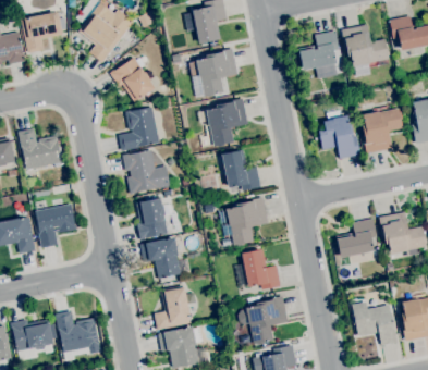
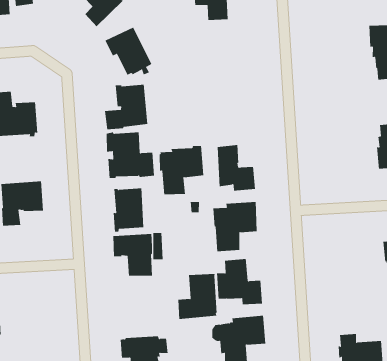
building: [299,30,340,75] -> none
building: [189,48,239,98] -> none
building: [206,98,248,146] -> [159,145,204,195]
building: [316,109,360,159] -> none
building: [333,219,378,263] -> none
building: [155,285,192,330] -> [177,274,218,319]
building: [56,310,101,360] -> none

